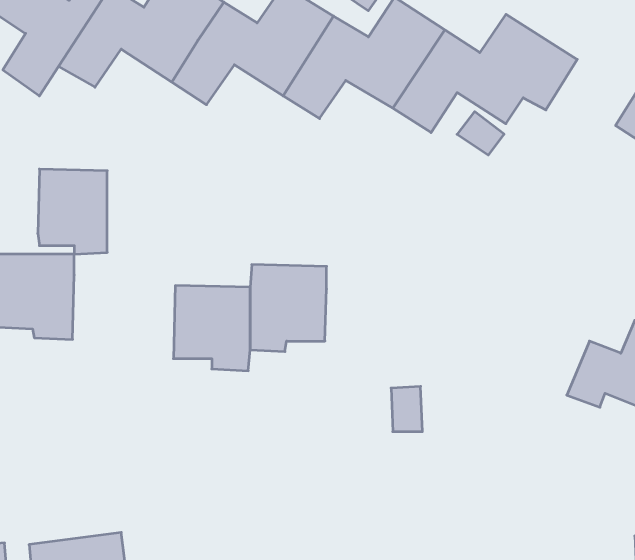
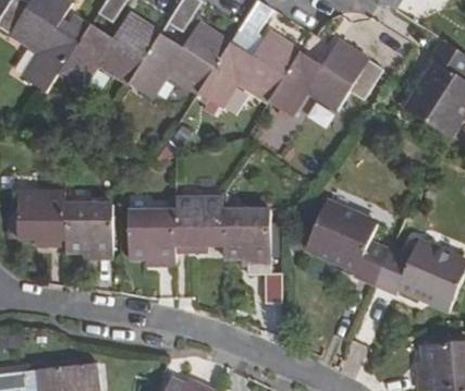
building: [38,169,107,254] -> [68,205,111,258]
building: none -> [309,196,391,280]
building: none -> [225,213,272,266]

